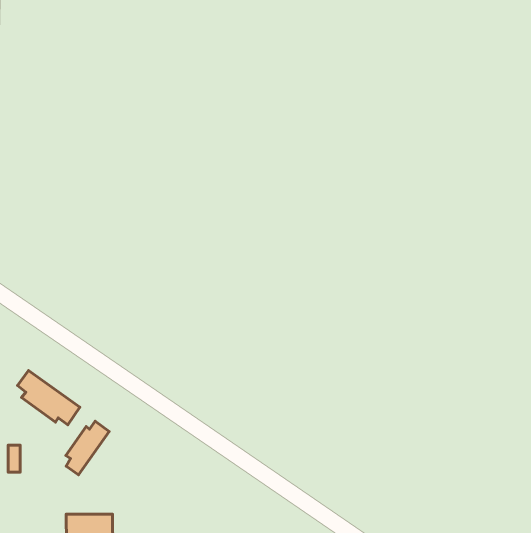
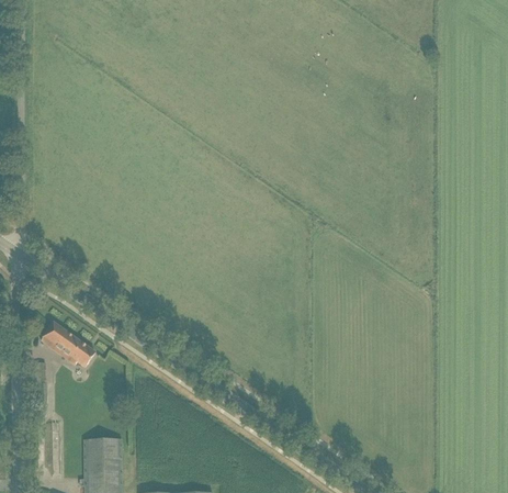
building: [66,421,109,475] -> none

